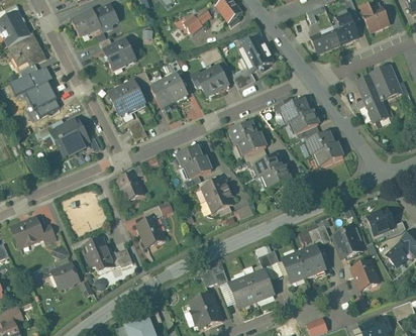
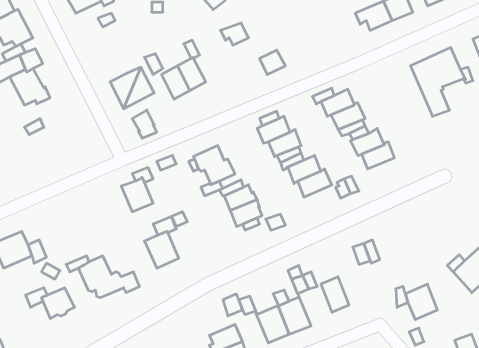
building: [238,36,273,73] -> none
building: [103,39,135,72] -> none
building: [197,67,228,97] -> none
building: [56,118,88,152] -> none
building: [367,208,395,235] -> none
building: [331,227,362,258] -> none
building: [296,246,324,277] -> none

